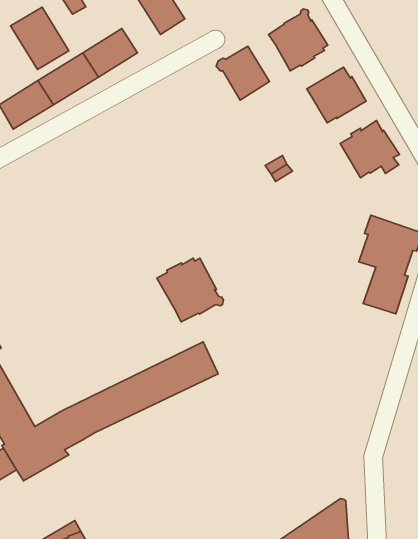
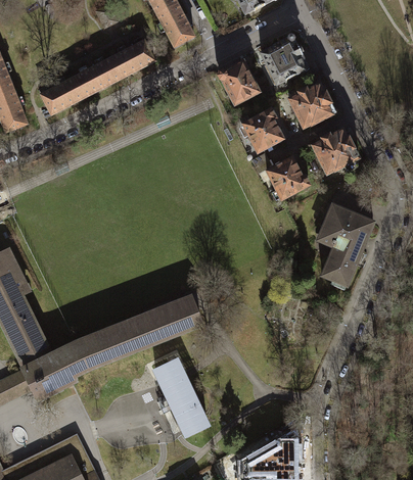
building: [11,7,69,70] -> none
building: none -> [242,108,282,152]
building: none -> [267,156,309,199]
building: [157,258,224,322] -> none
building: none -> [154,358,207,435]

